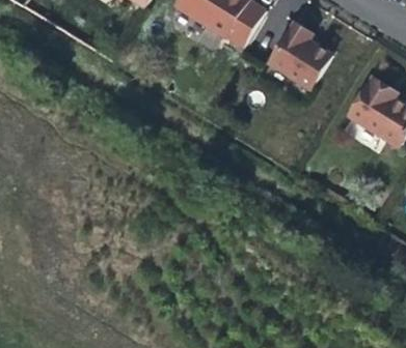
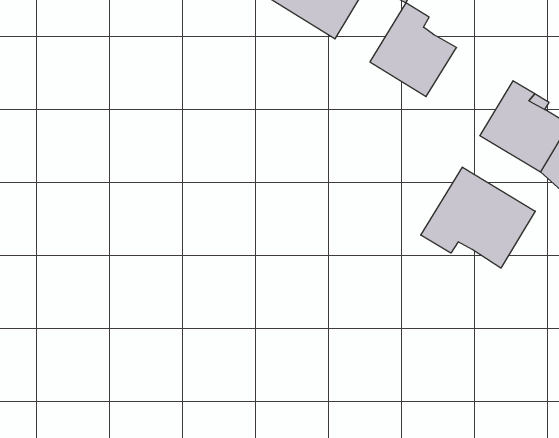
building: none -> [421,167,535,268]

